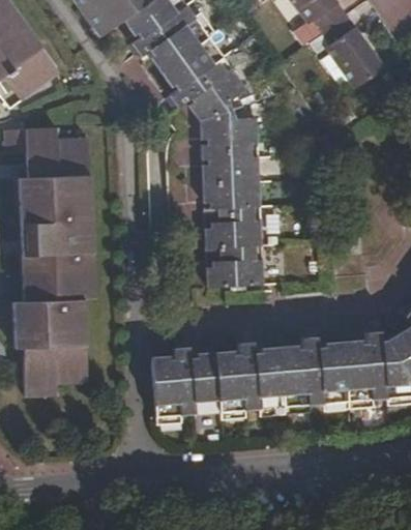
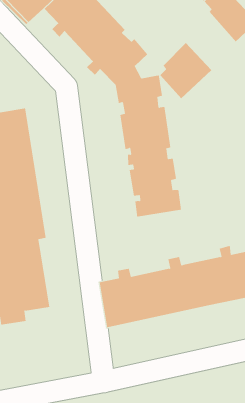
building: none -> [159,42,212,99]

